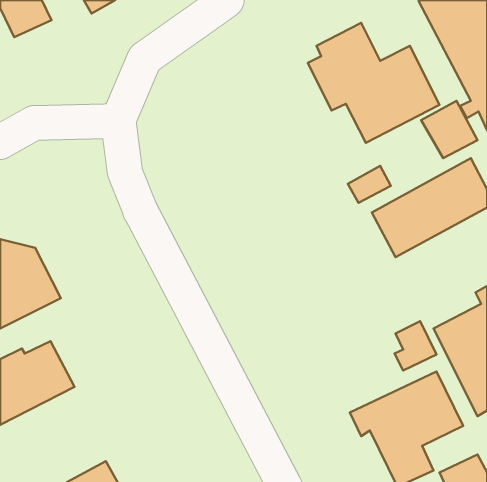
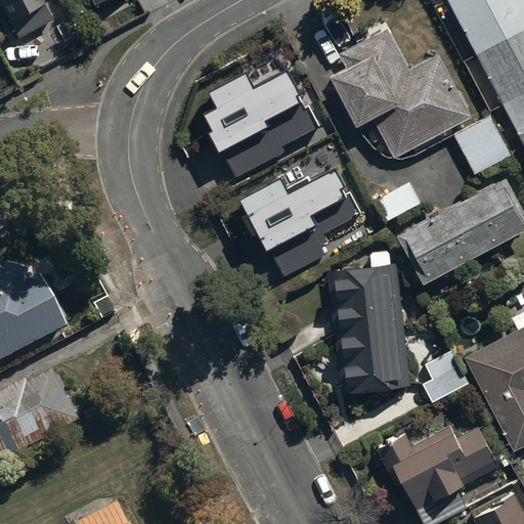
building: none -> [206,72,316,178]
building: none -> [243,172,358,276]
building: none -> [328,250,410,393]

